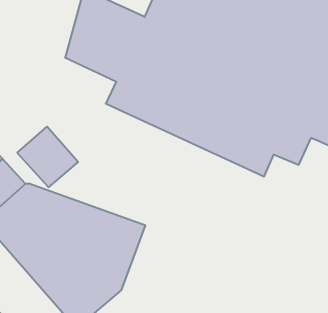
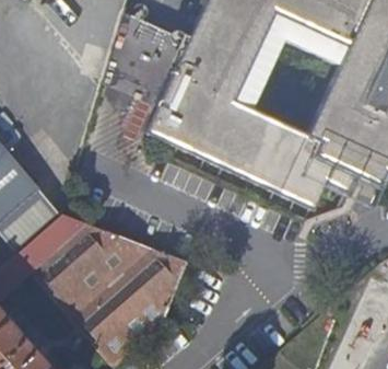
building: [17,127,78,187] -> none

